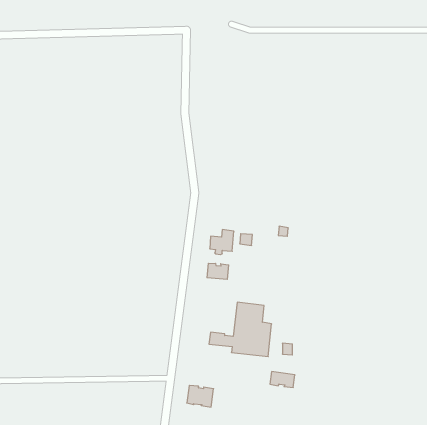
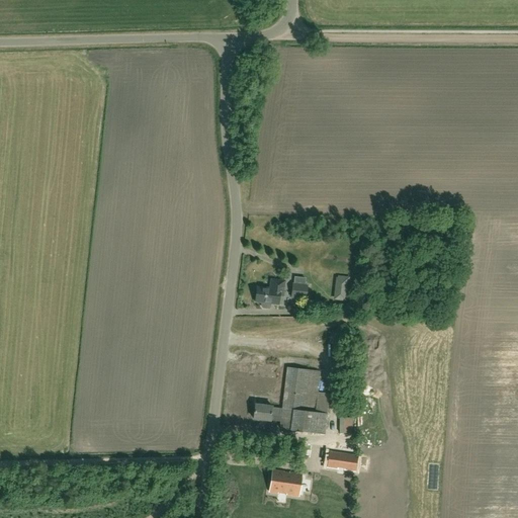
building: [207,263,229,279] -> none
building: [187,385,214,407] -> [269,468,301,495]

